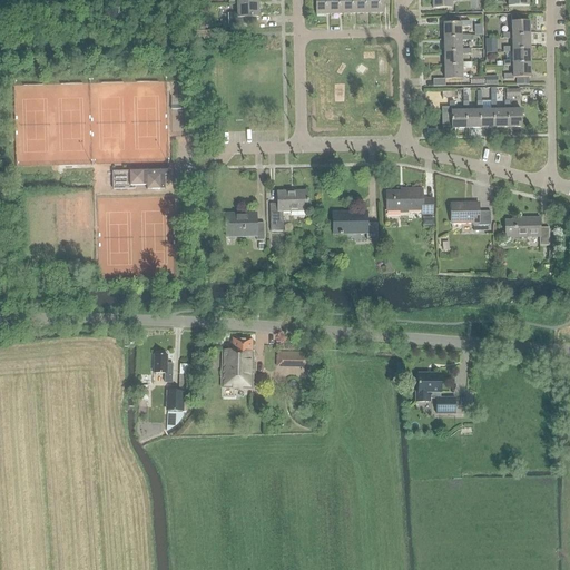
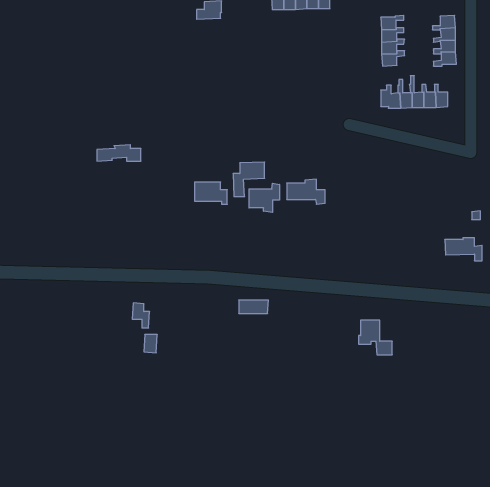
building: [386,186,433,212] -> none
building: [451,199,491,228] -> none
building: none -> [249,183,279,212]
building: [505,215,549,242] -> [445,238,482,261]
building: [222,335,254,386] -> none

